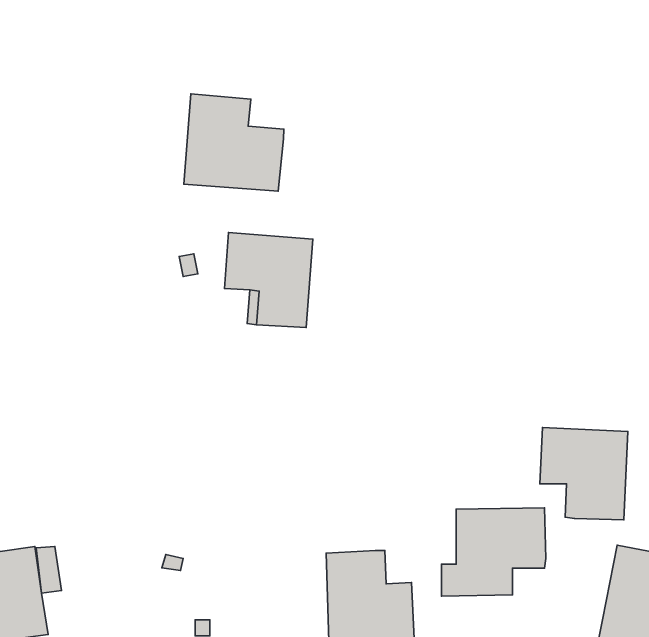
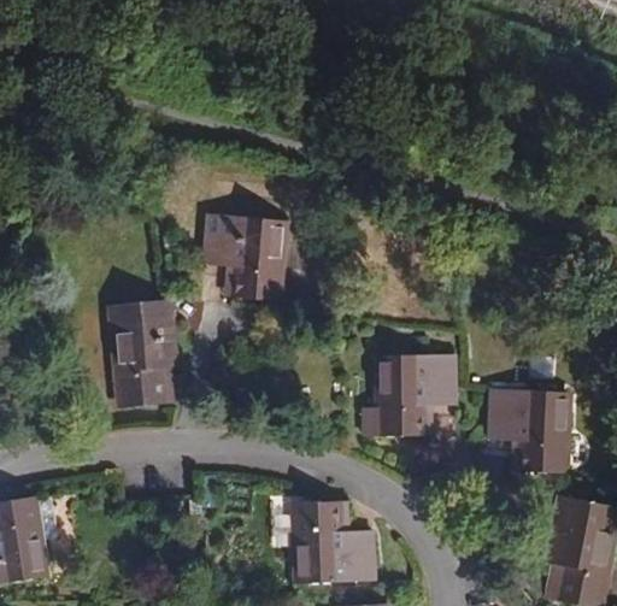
building: [184,94,284,191] -> none
building: none -> [112,300,177,407]
building: [442,508,546,596] -> [363,357,457,436]

